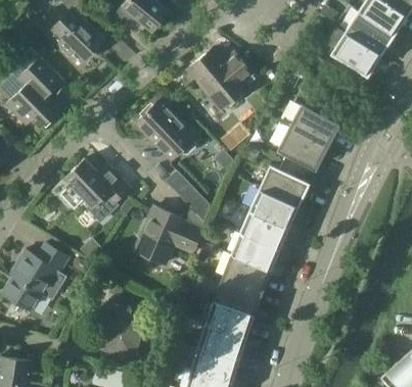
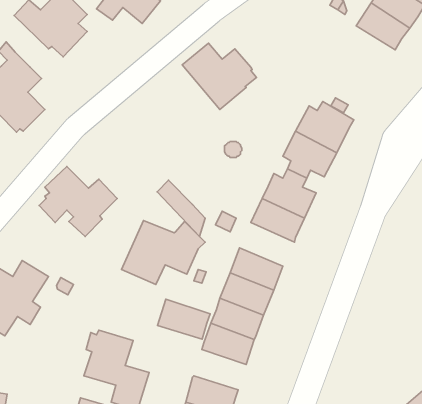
building: [331,33,378,81] -> none
building: [135,99,196,159] -> none
building: [239,208,288,247] -> none
building: [198,322,245,357] -> [158,299,210,339]

